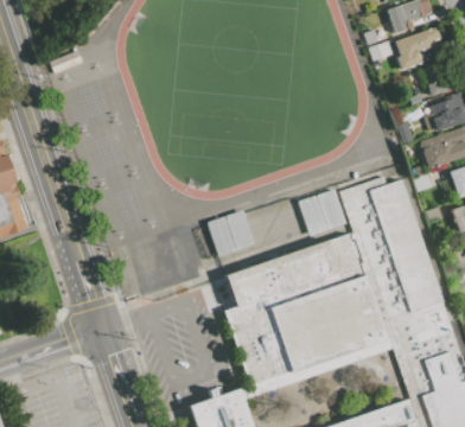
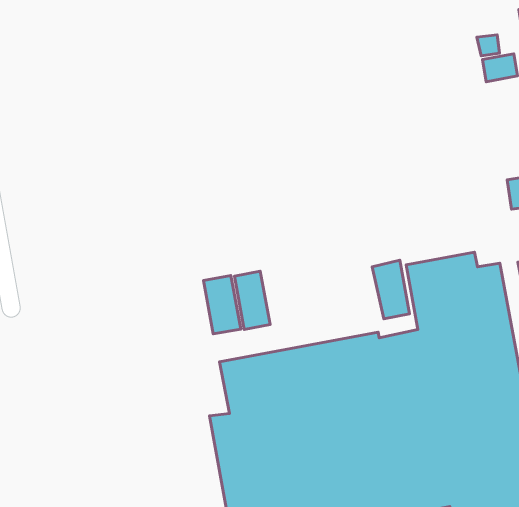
building: [298,196,327,235] -> none

